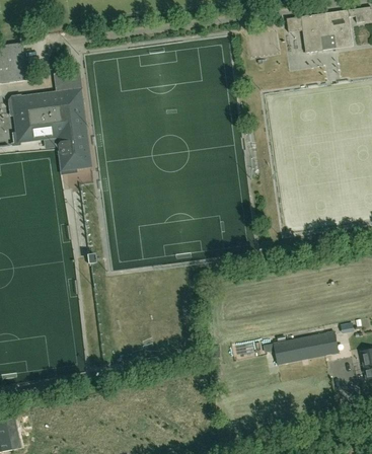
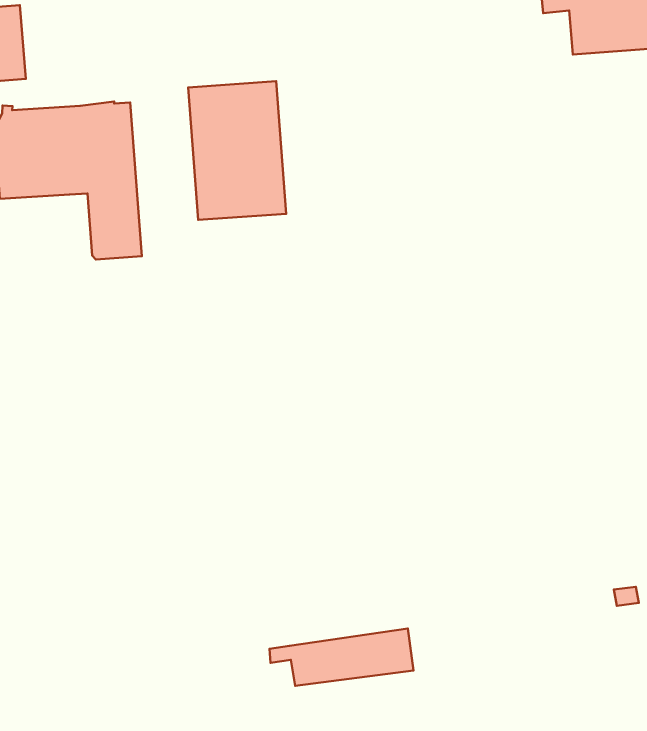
building: none -> [188,81,286,220]
building: [263,331,337,364] -> [269,628,414,686]

